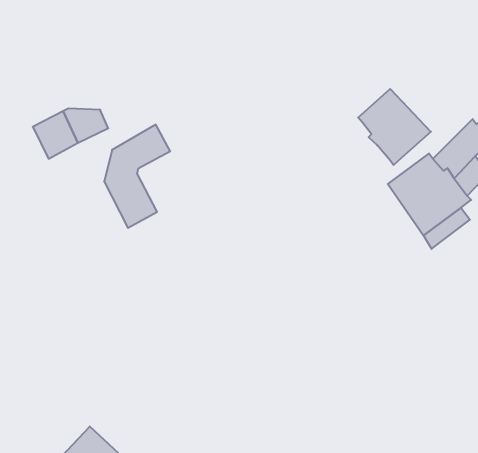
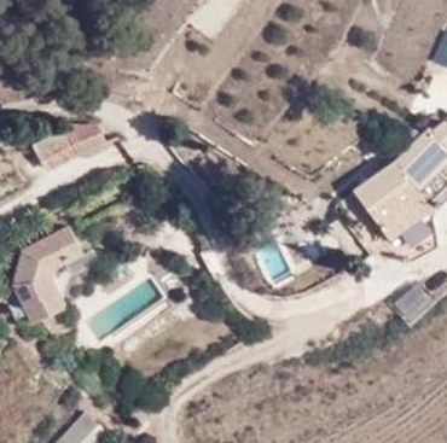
building: [358,89,431,165] -> none
building: [104,125,170,228] -> [13,228,74,322]

